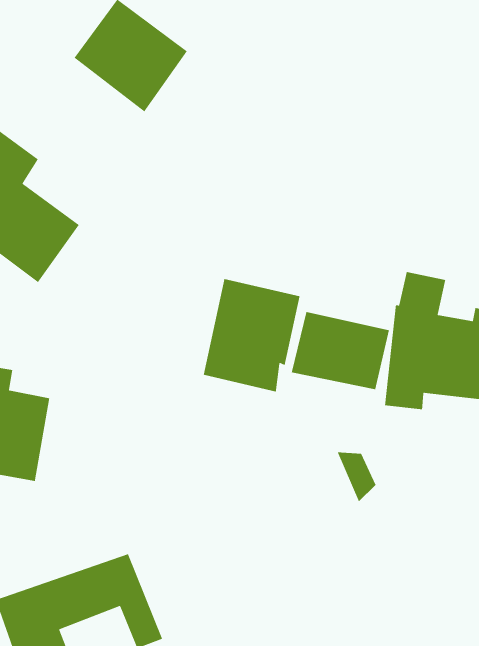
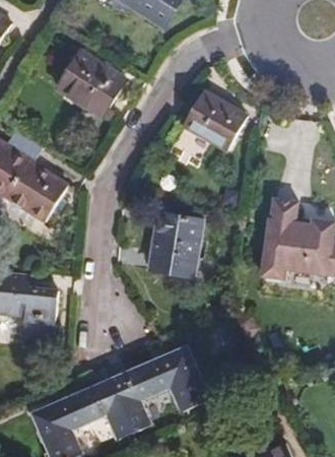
building: none -> [182,90,245,151]
building: [291,311,390,390] -> none
building: none -> [112,348,211,432]

